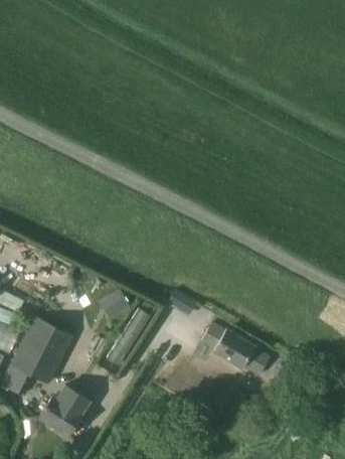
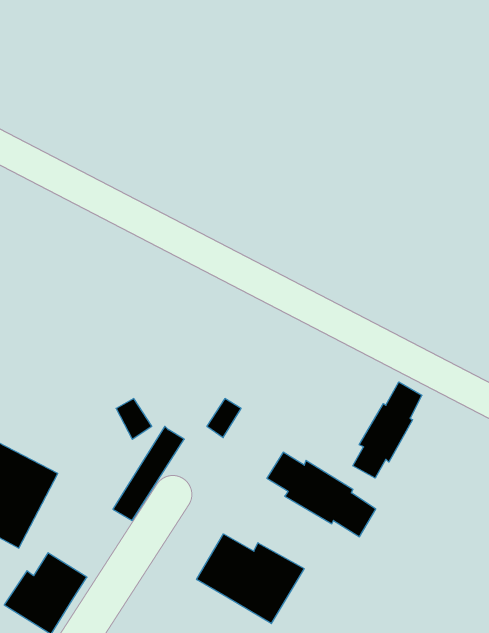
building: none -> [353,382,422,478]
building: none -> [197,534,304,624]

